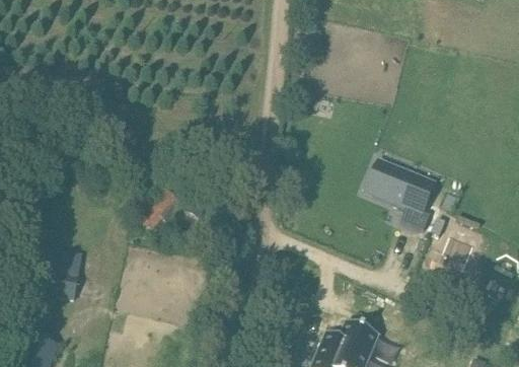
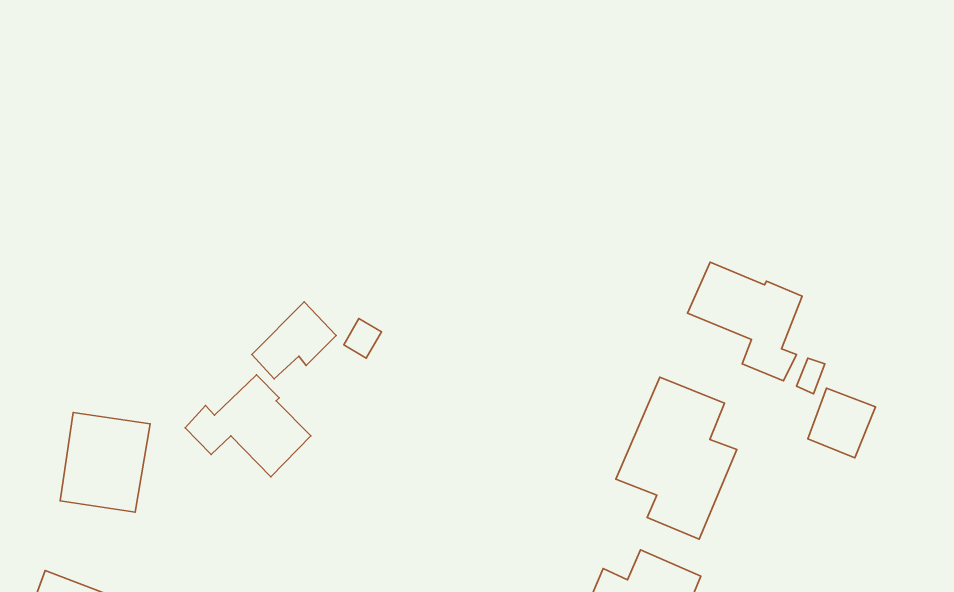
building: none -> [185,375,311,477]
building: none -> [616,377,737,539]

